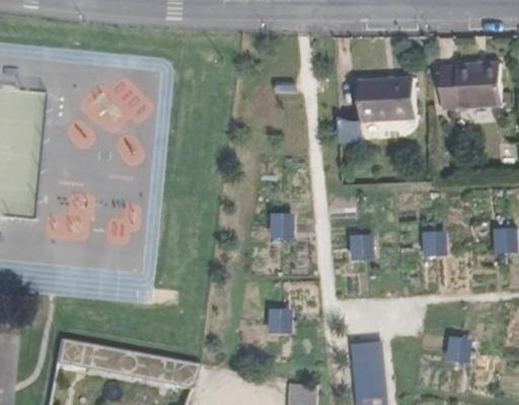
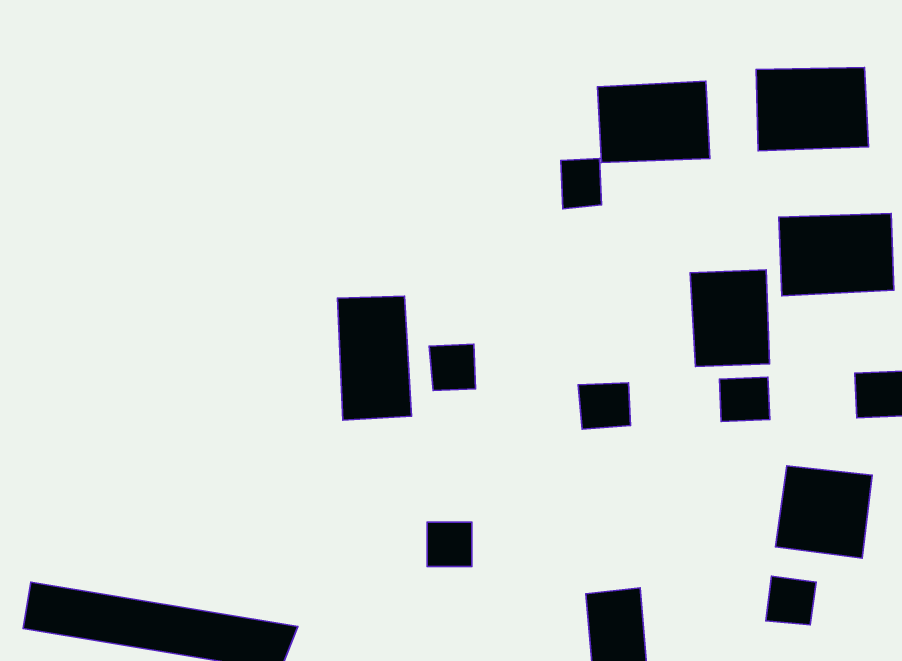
building: none -> [779,214,894,296]
building: none -> [690,270,769,367]
building: none -> [338,296,411,420]
building: none -> [775,466,872,558]

